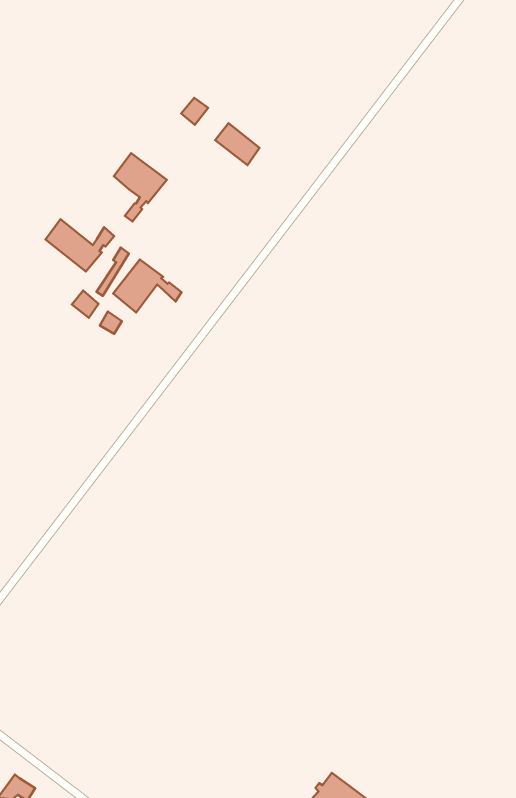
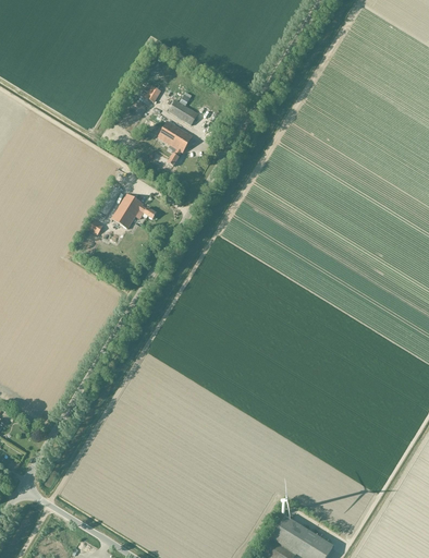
building: [114,153,167,222] -> [158,121,193,166]
building: [45,219,114,271] -> none

